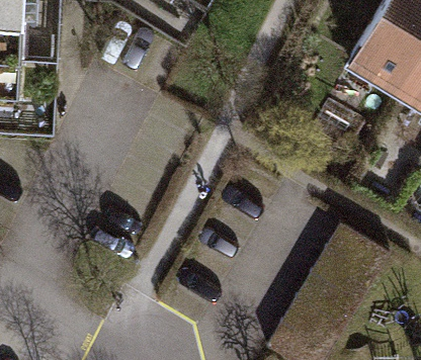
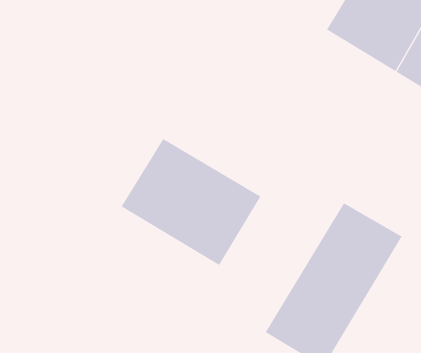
building: none -> [121,138,261,266]

